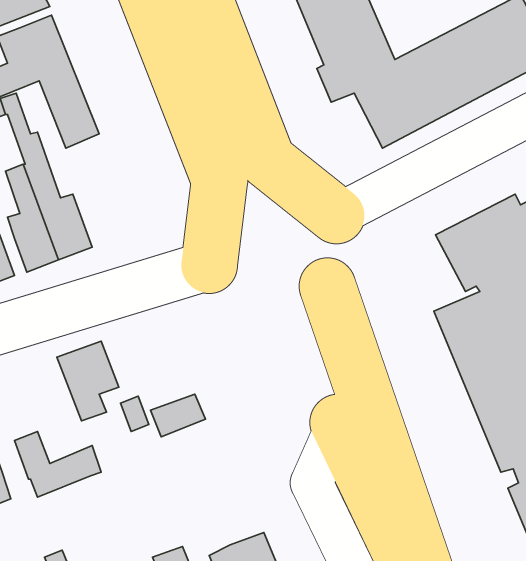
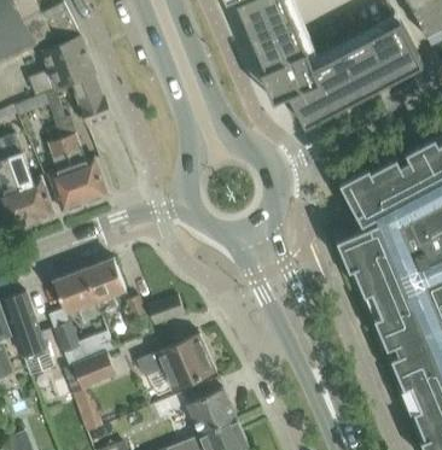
building: none -> [53,270,99,322]
building: none -> [136,334,215,391]
building: none -> [62,351,114,393]

